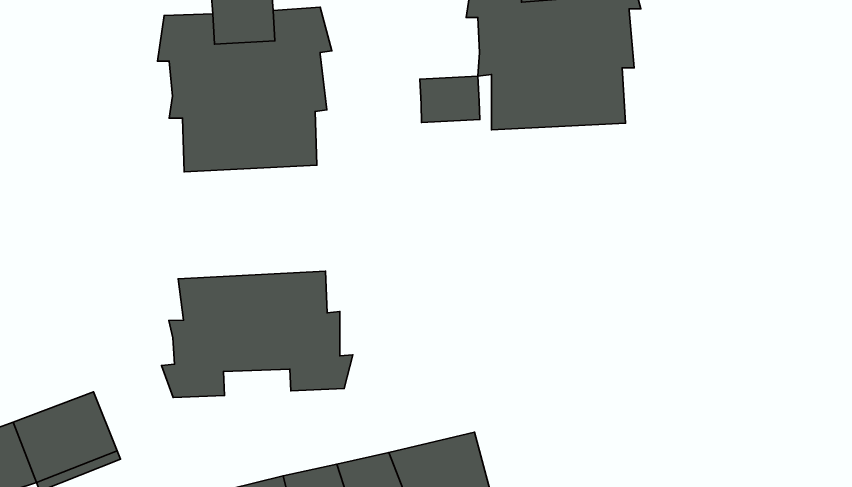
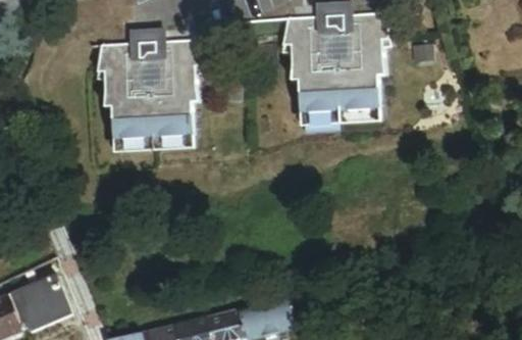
building: [420,76,480,123] -> none
building: [162,271,353,397] -> none

